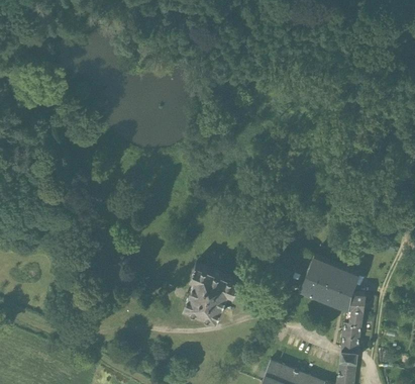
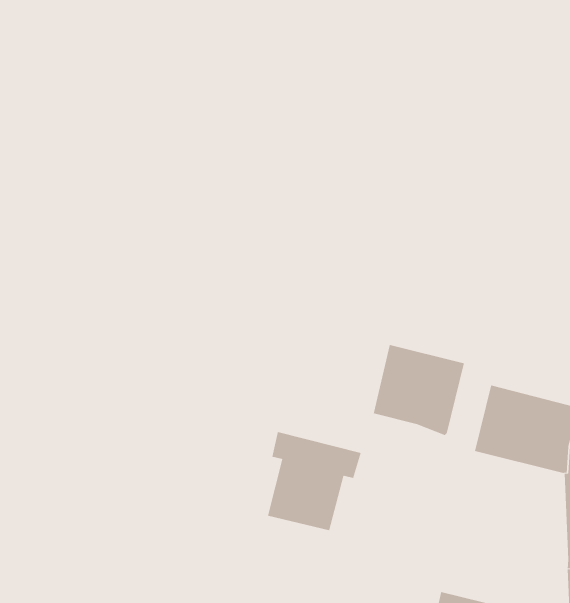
building: none -> [373,344,465,436]

